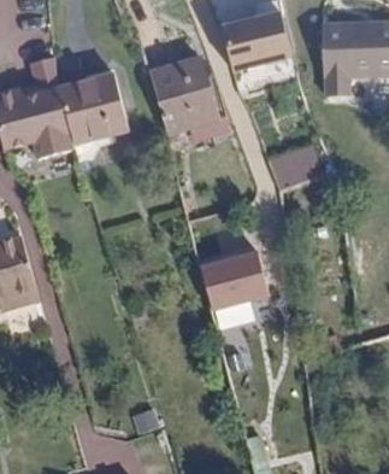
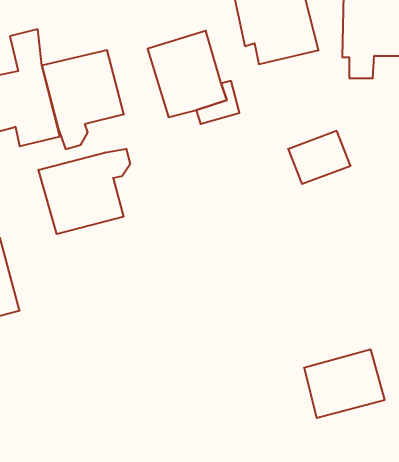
building: none -> [38,149,130,234]
building: [200,247,270,306] -> [304,350,385,418]

